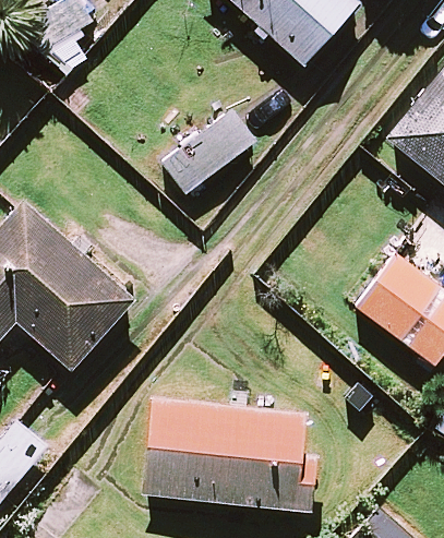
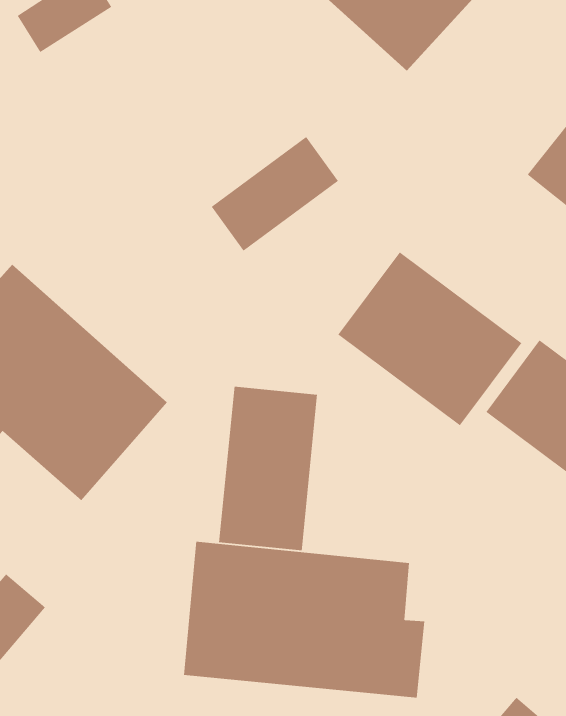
building: none -> [337,252,522,426]
building: none -> [219,386,318,551]

